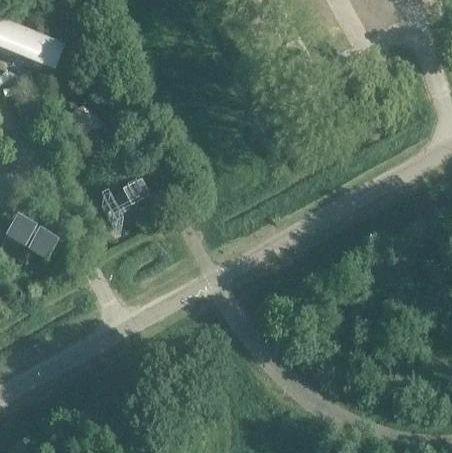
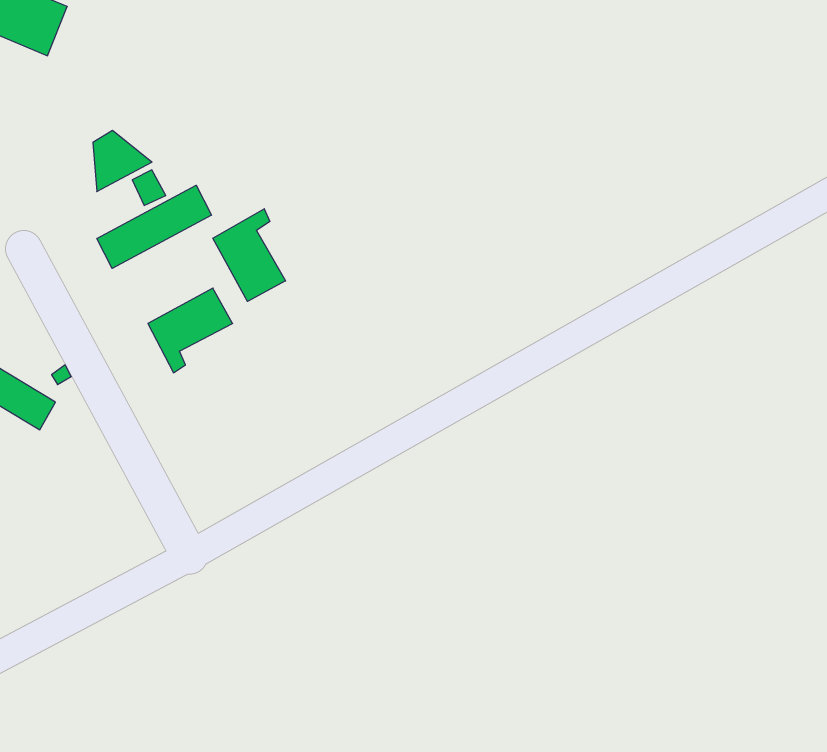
building: none -> [97,185,211,268]
building: none -> [213,209,286,301]

